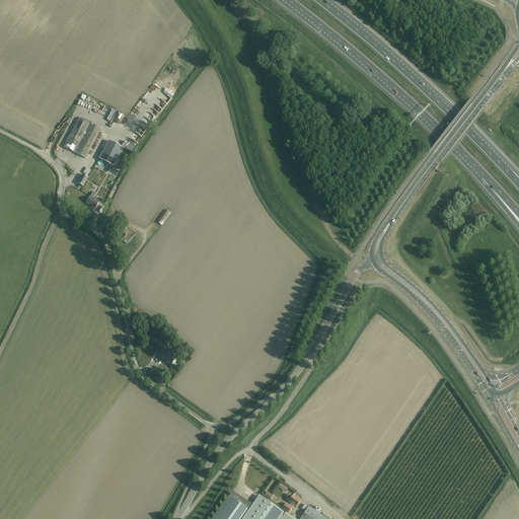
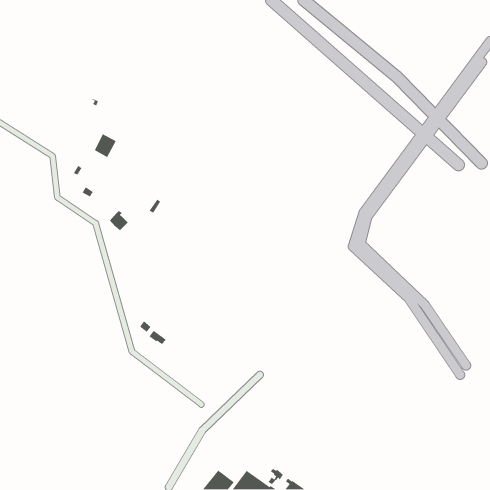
building: [64,119,100,158] -> none

